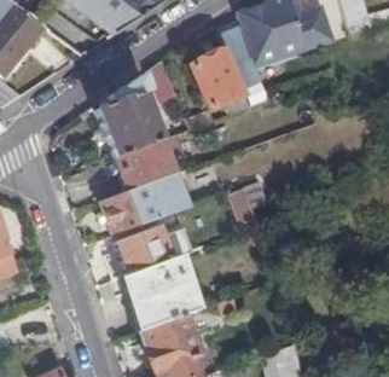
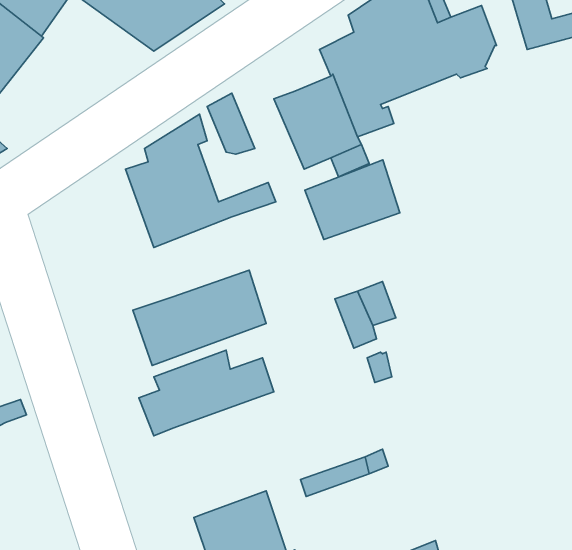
building: [115,139,175,190] -> [305,160,400,240]
building: [127,253,203,327] -> none

